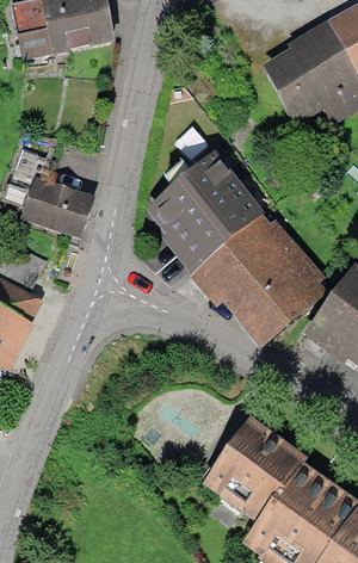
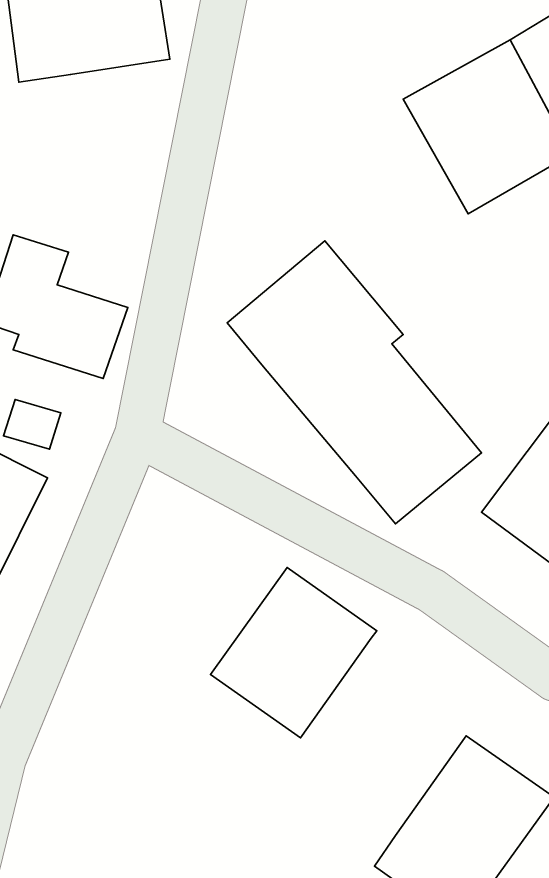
building: [202,417,305,524] -> [211,568,377,738]

